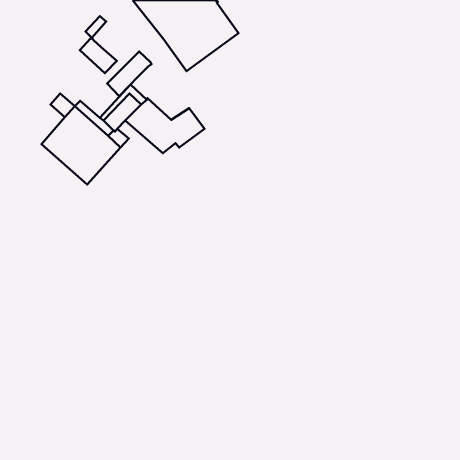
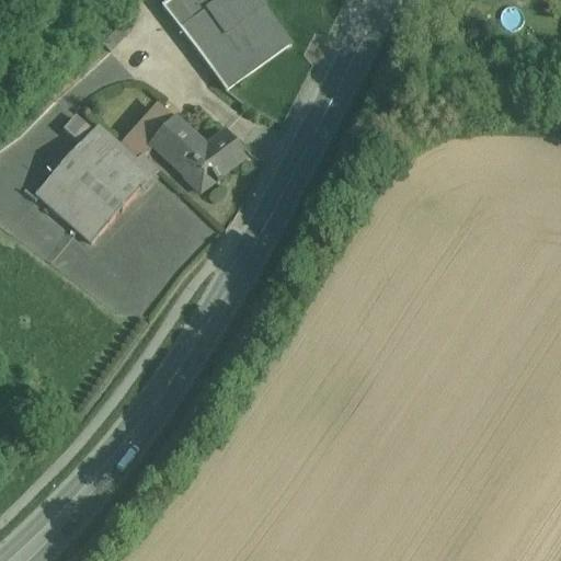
building: [80,38,117,73] -> none
building: [107,51,151,96] -> none
building: none -> [35,175,106,242]

